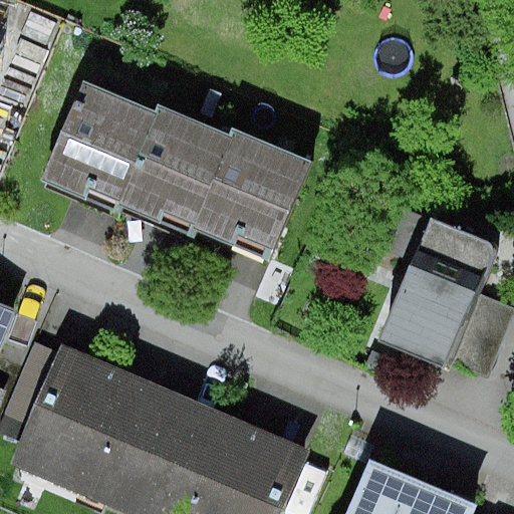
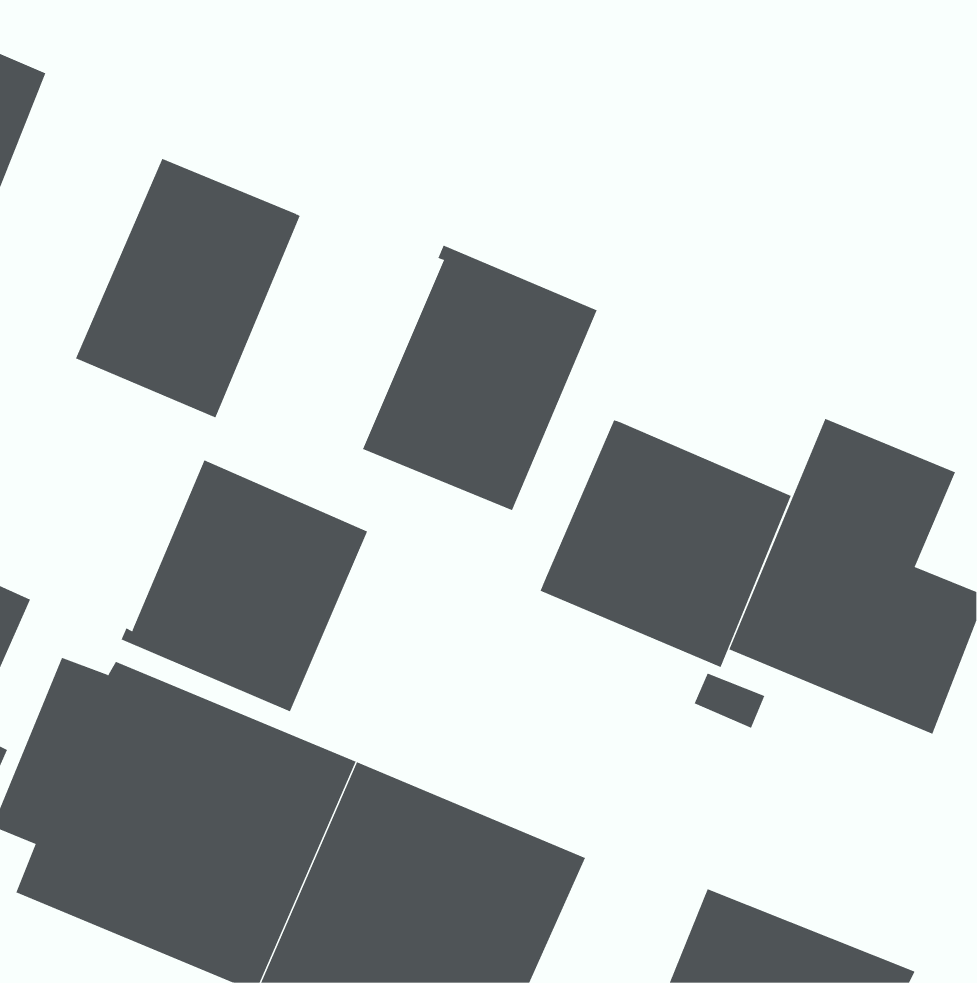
building: [115,104,231,241] -> none
building: none -> [540,419,792,668]
building: none -> [121,459,368,712]

